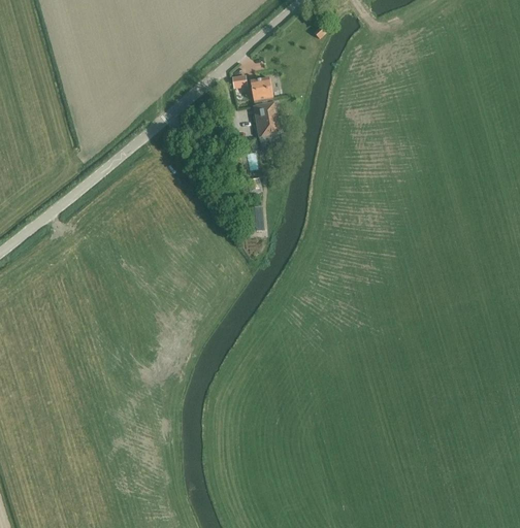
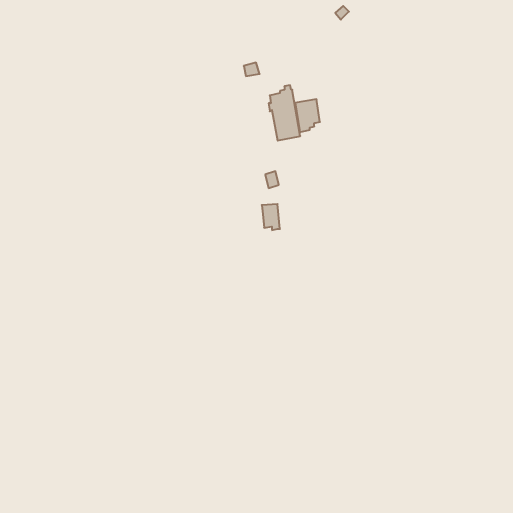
building: [250,76,272,106] -> [295,99,320,132]

